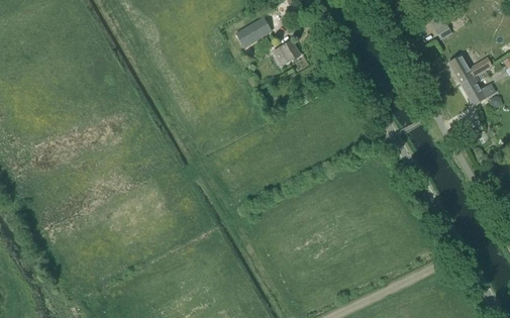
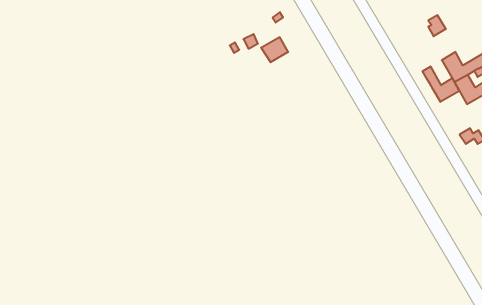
building: [234,15,271,45] -> none
building: none -> [423,66,459,102]

